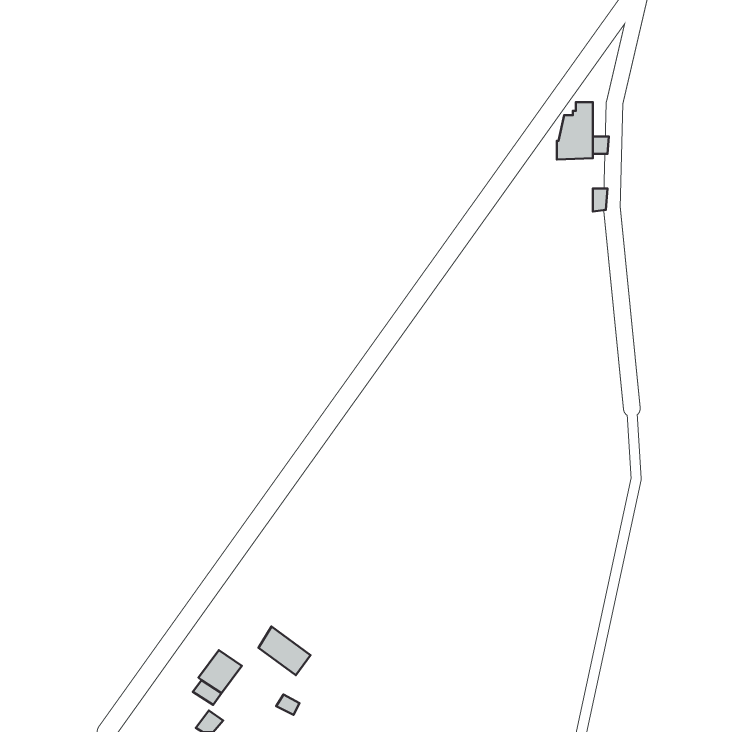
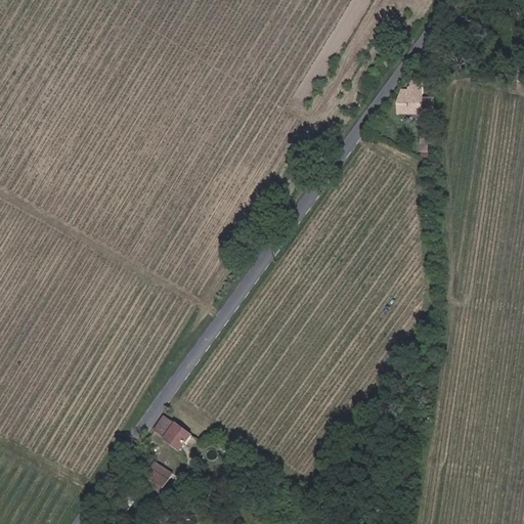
building: [259,626,310,675] -> [152,413,189,448]

